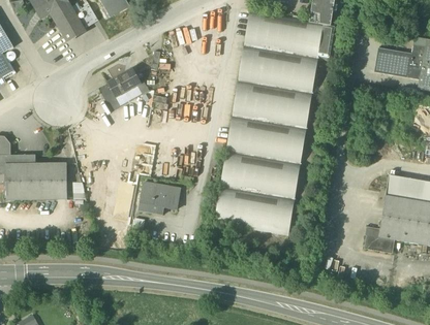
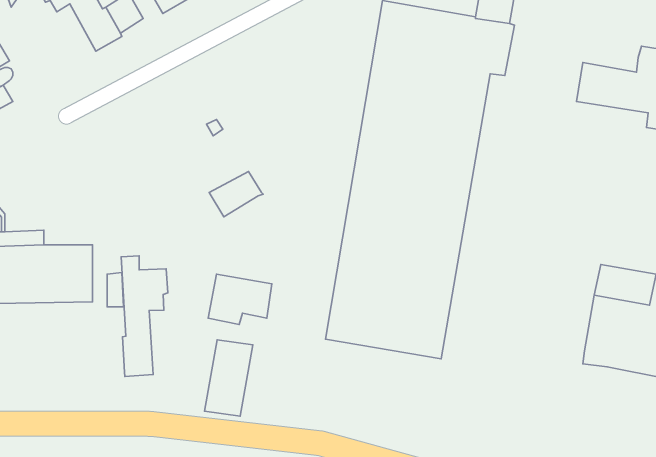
building: [106,68,141,97] -> [209,171,263,217]
building: none -> [121,256,168,377]
building: none -> [204,340,253,416]
building: [364,227,393,252] -> none

